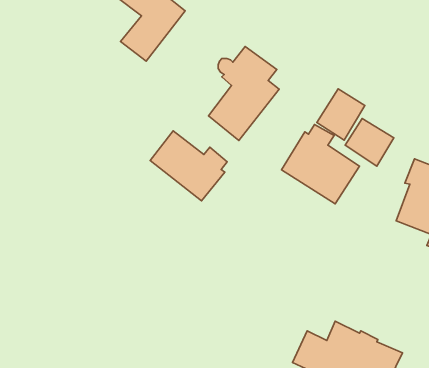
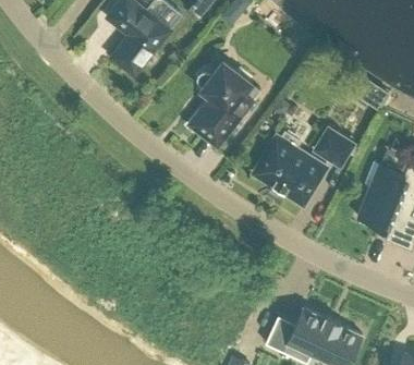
building: [317,89,365,140] -> none
building: [150,131,227,201] -> none

